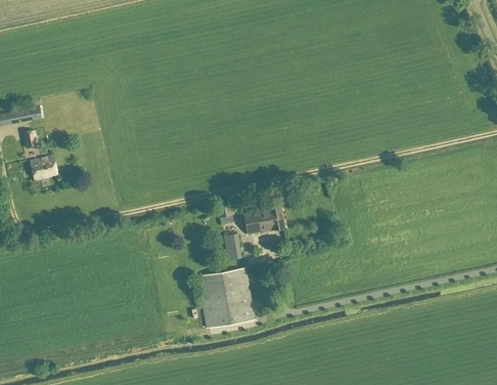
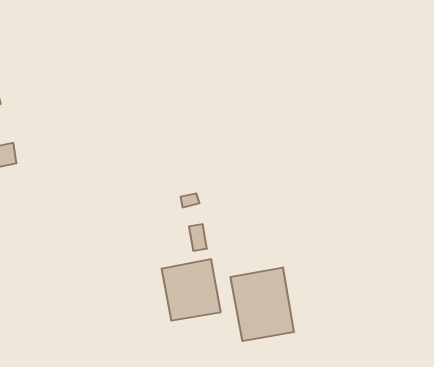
building: [242,206,283,234] -> none
building: none -> [230,267,294,341]

